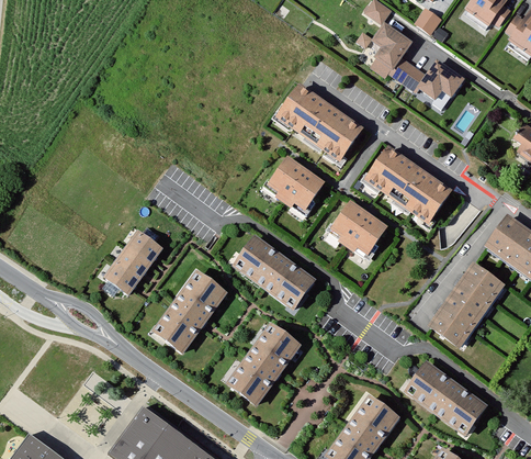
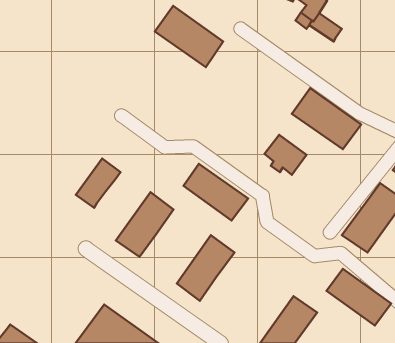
building: [420,63,463,99] -> none
building: [280,87,362,160] -> [155,6,223,67]
building: [272,159,324,208] -> none

